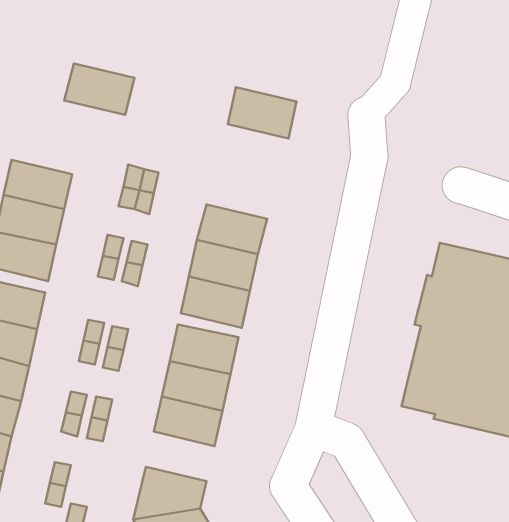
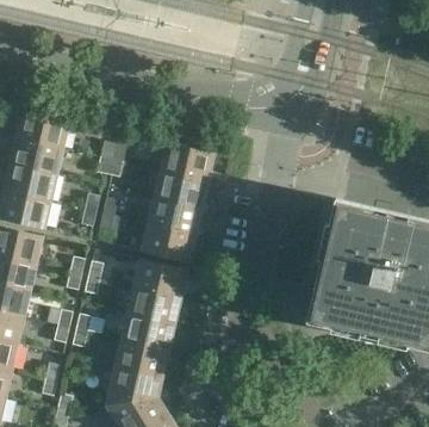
building: [64,64,135,115] -> [17,110,69,148]
building: [228,87,297,138] -> [162,143,213,181]
building: none -> [117,340,168,377]

